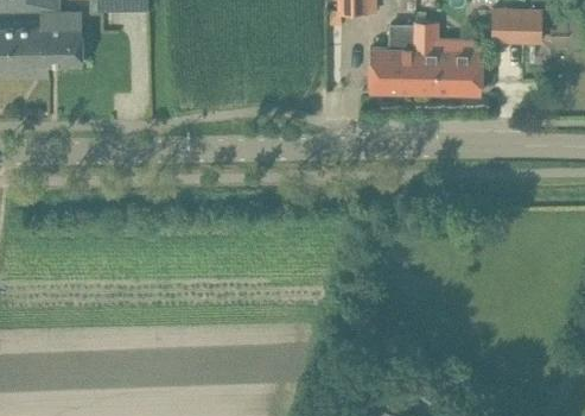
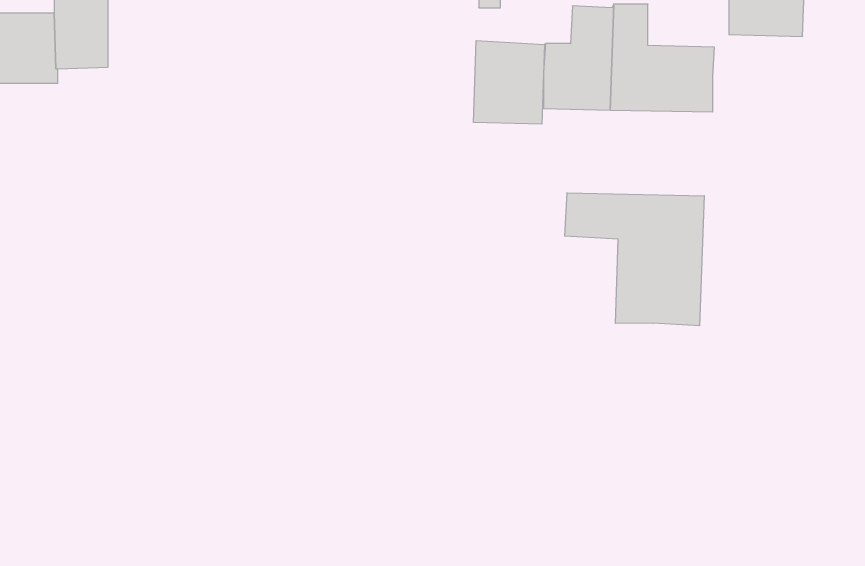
building: none -> [473,41,544,124]
building: none -> [565,193,704,326]

